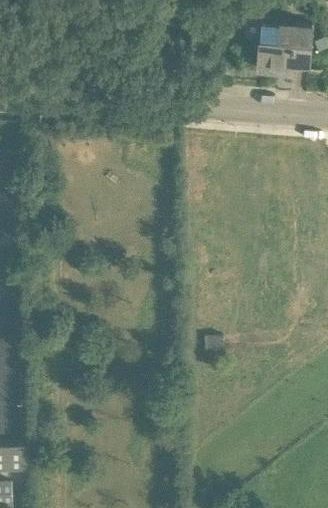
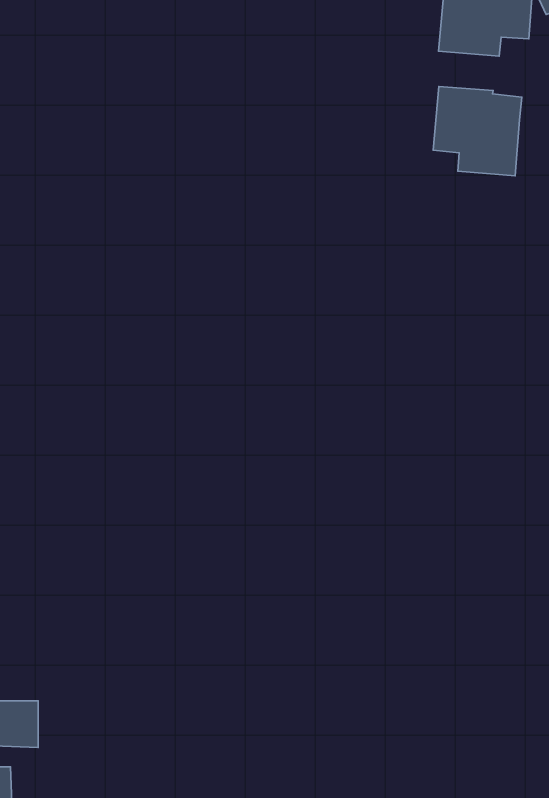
building: none -> [433,86,522,176]

